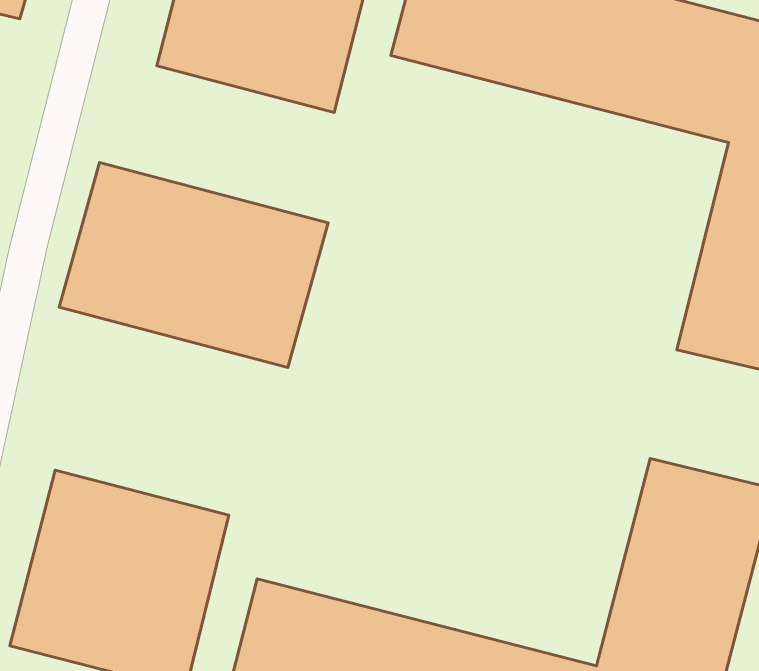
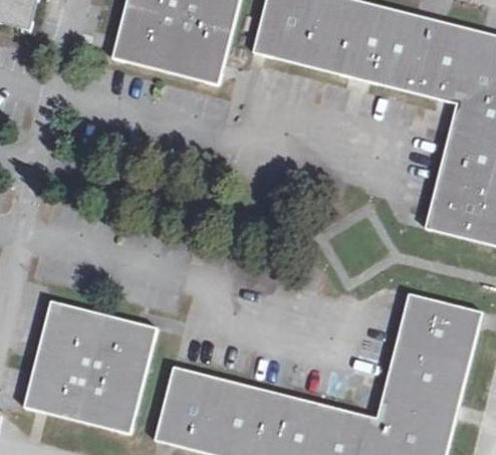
building: [59,162,328,368] -> none

